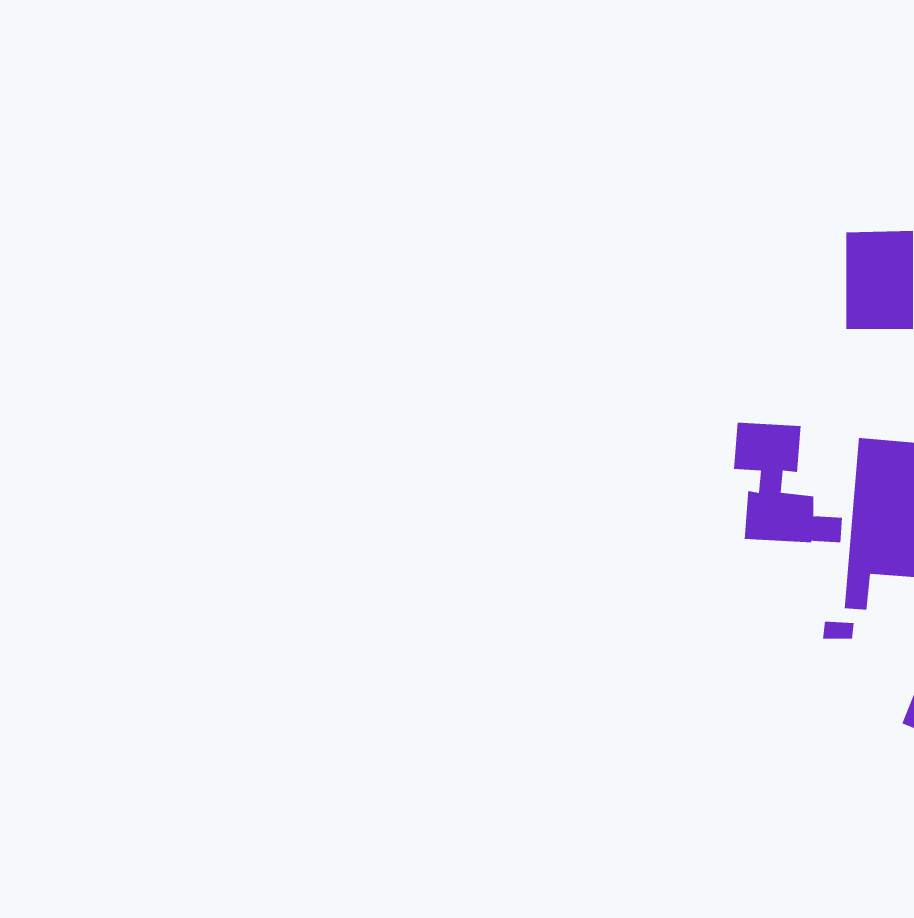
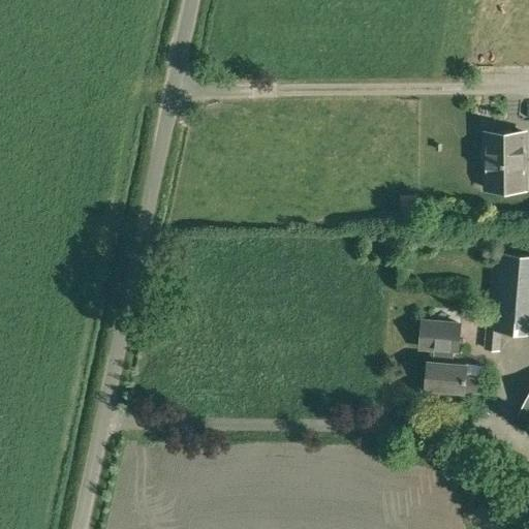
building: [733,422,843,543] -> [423,322,486,392]

